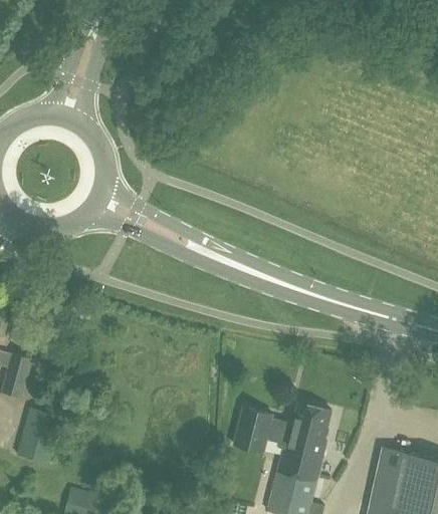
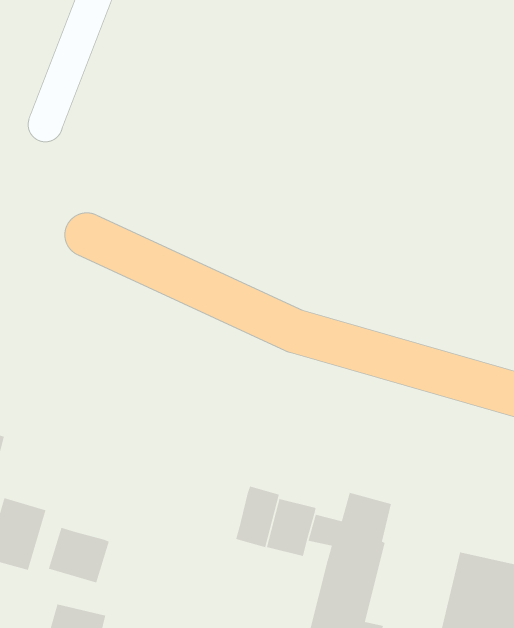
building: none -> [235,485,280,548]
building: none -> [48,527,110,584]

